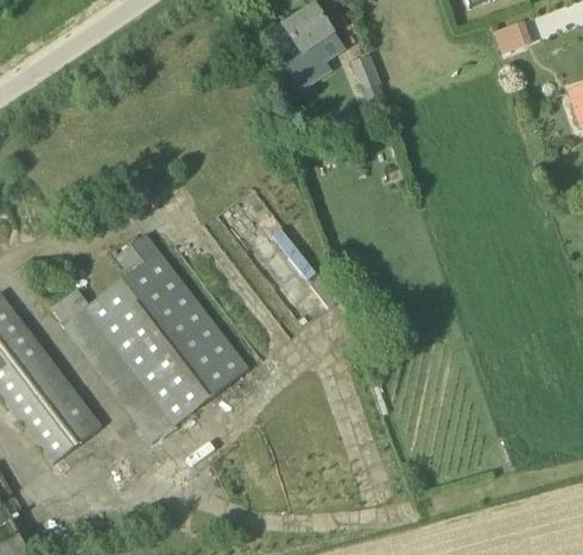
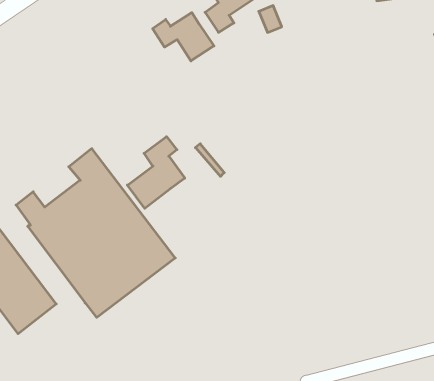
building: none -> [153,13,214,61]
building: none -> [127,137,185,208]

